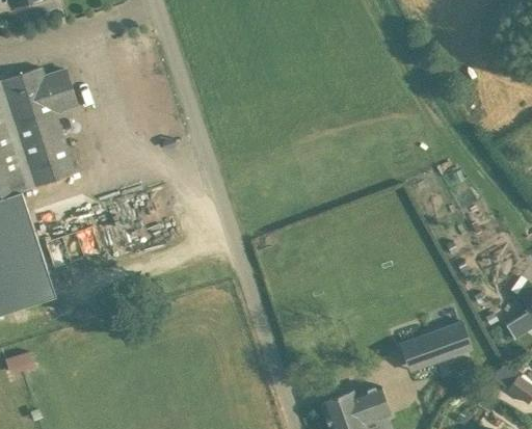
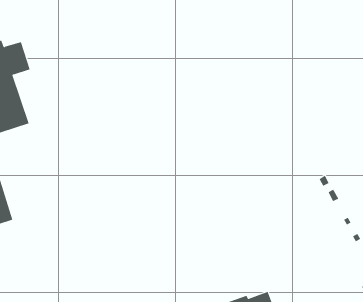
building: [411,318,463,359] -> none

